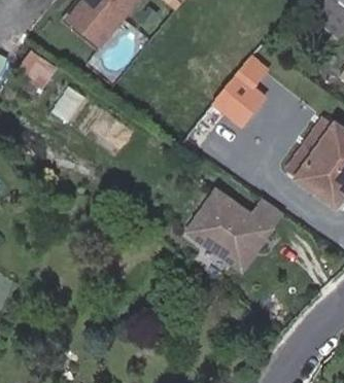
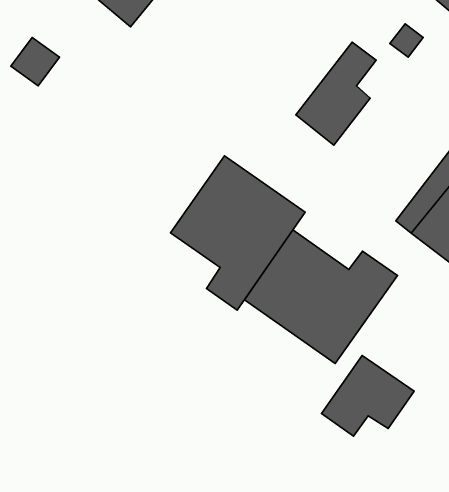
building: none -> [170,156,305,310]
building: none -> [322,355,414,436]

